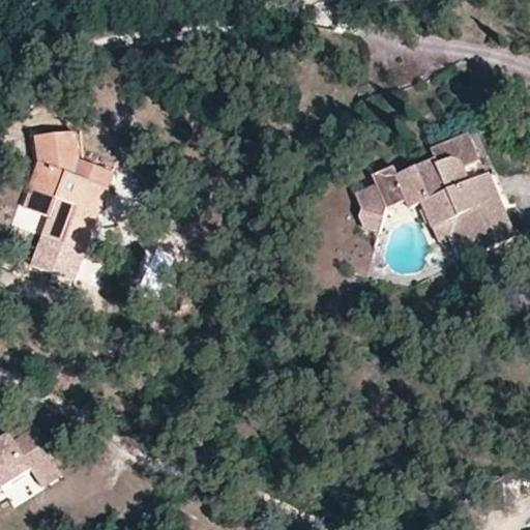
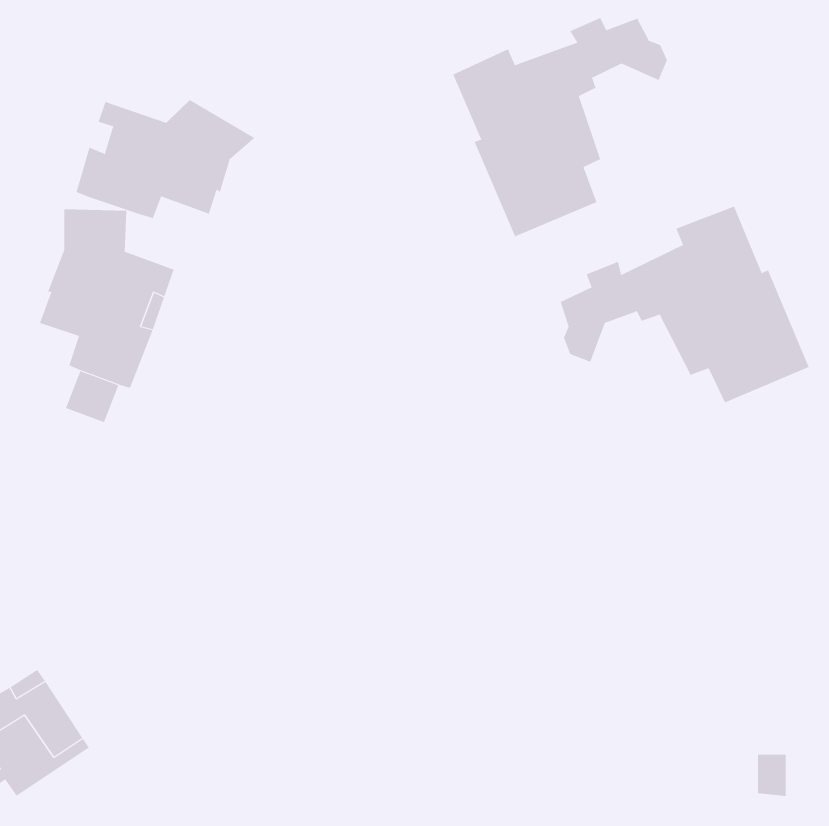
building: none -> [452,17,668,237]
building: none -> [76,99,255,219]

